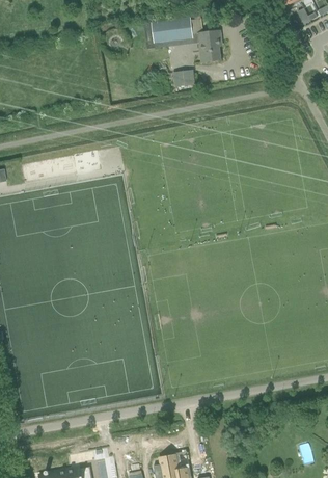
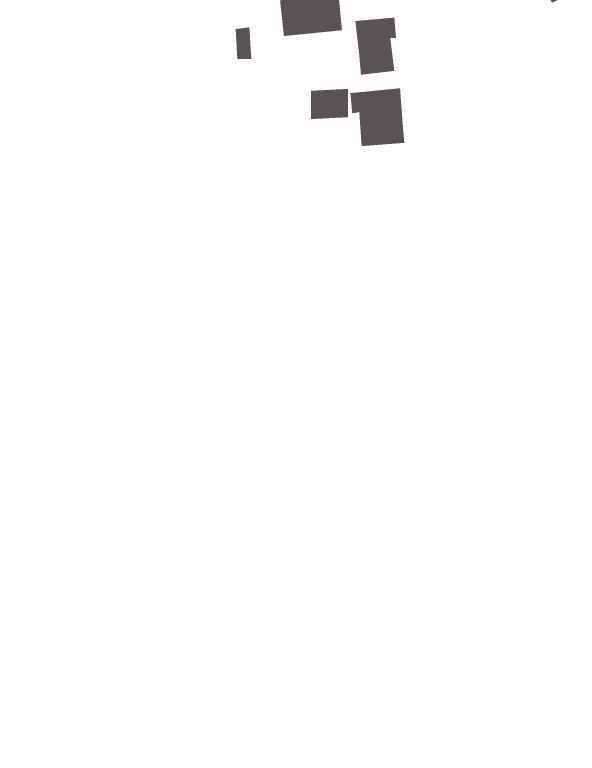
building: none -> [350,88,405,147]

